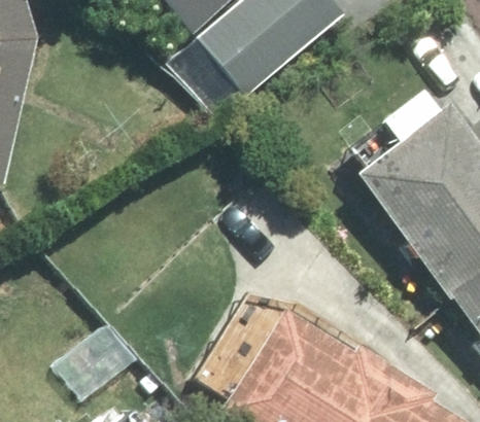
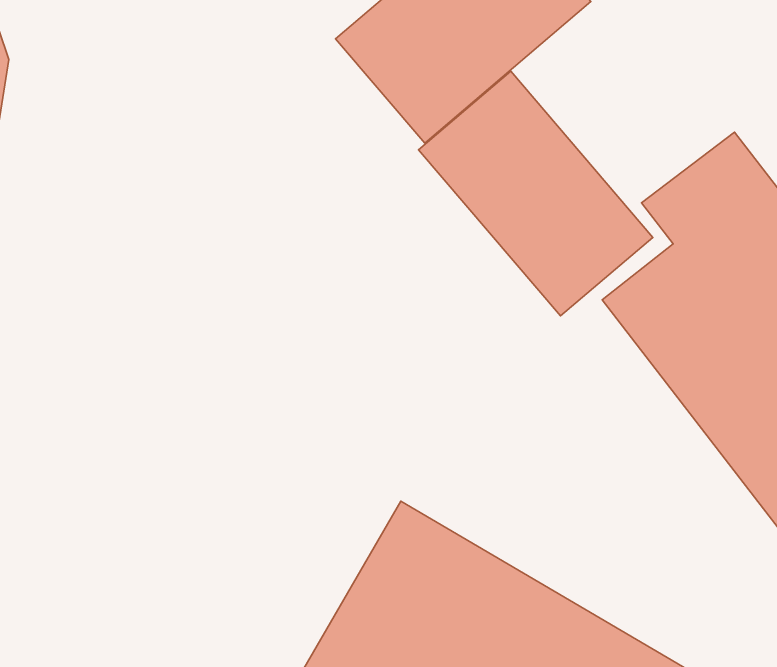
building: none -> [419,71,653,316]

